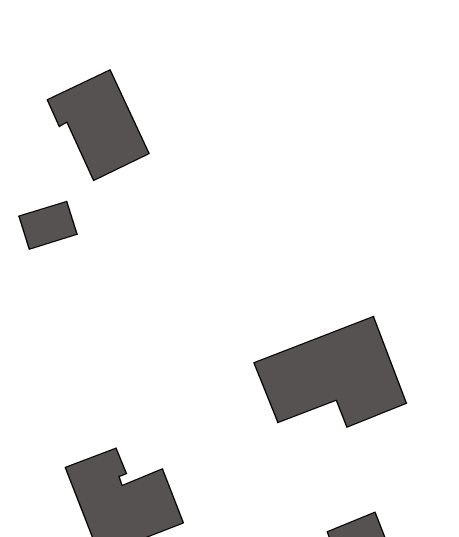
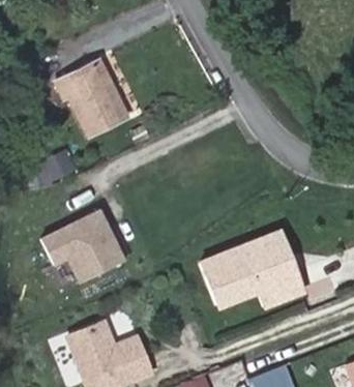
building: none -> [41,210,129,288]

